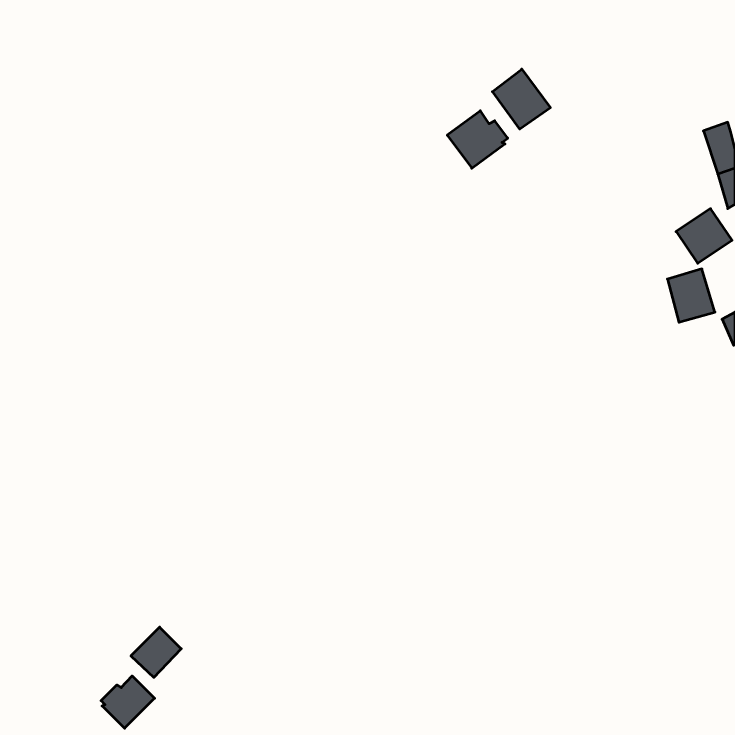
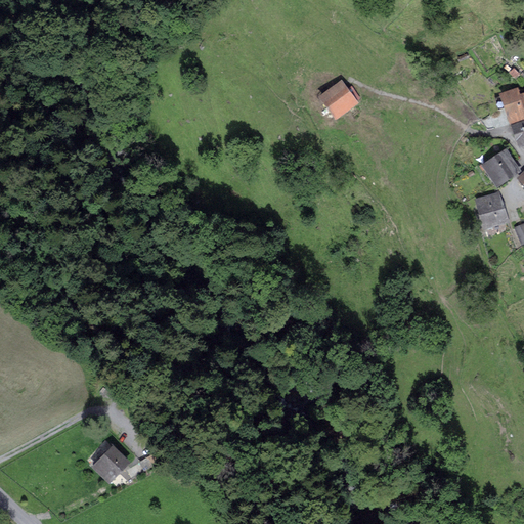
building: [492,69,550,129] -> none
building: [101,676,155,728] -> none

